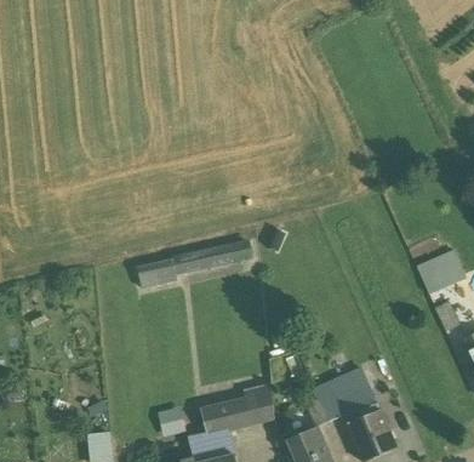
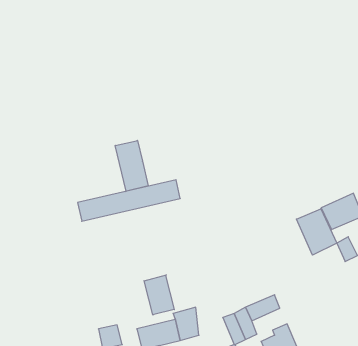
building: none -> [115,140,148,192]
building: none -> [296,209,337,255]
building: none -> [144,275,174,315]
building: [336,386,377,424] -> none

